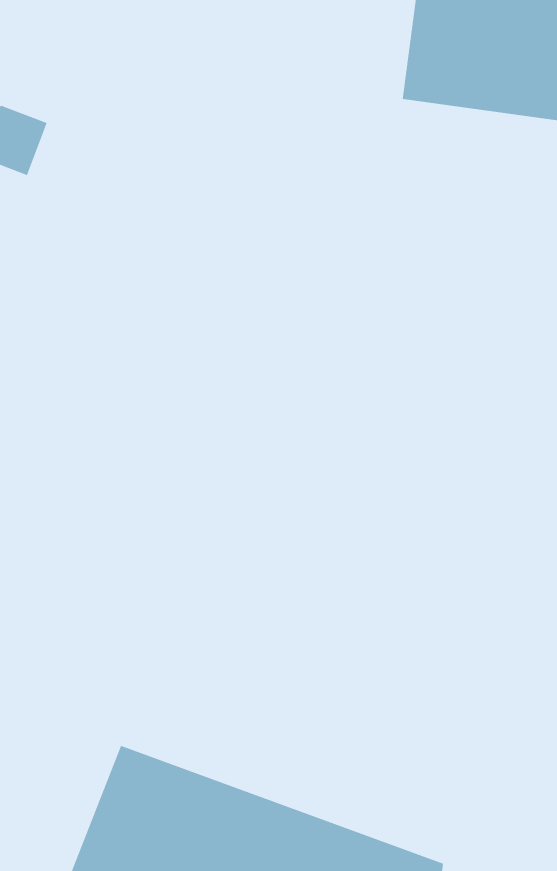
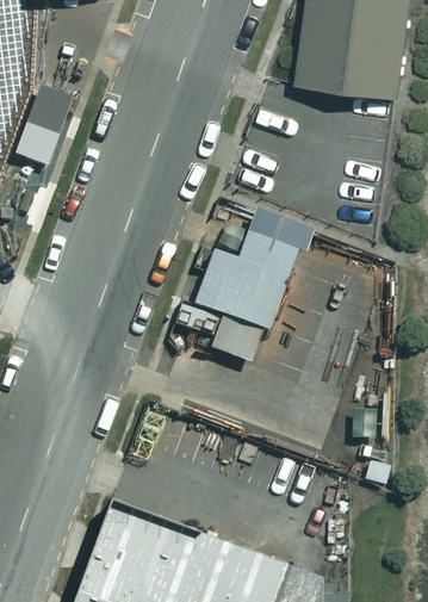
building: none -> [161,211,304,367]

